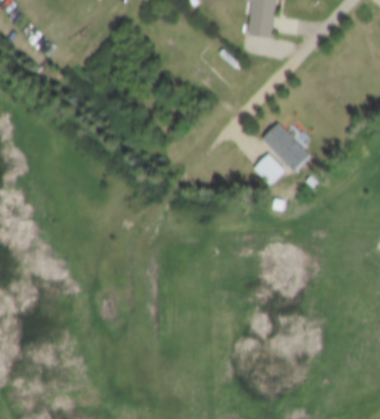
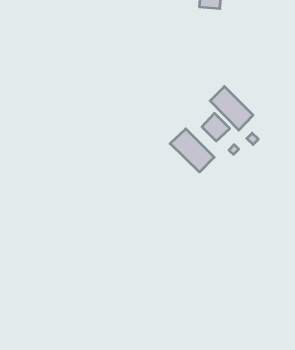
building: none -> [170,129,214,172]

